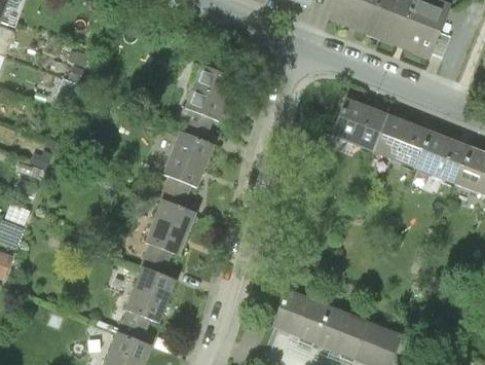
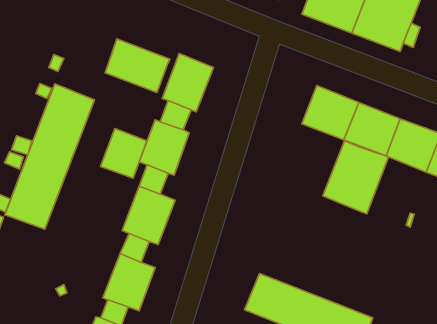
building: none -> [105,39,170,92]
building: none -> [5,84,95,229]
building: none -> [100,128,147,178]
building: none -> [323,141,389,214]

